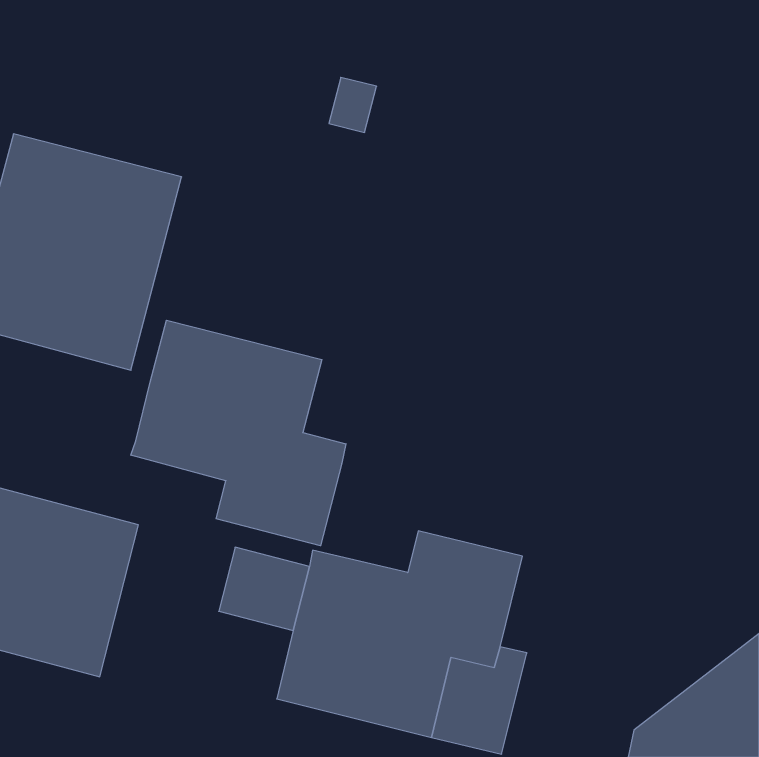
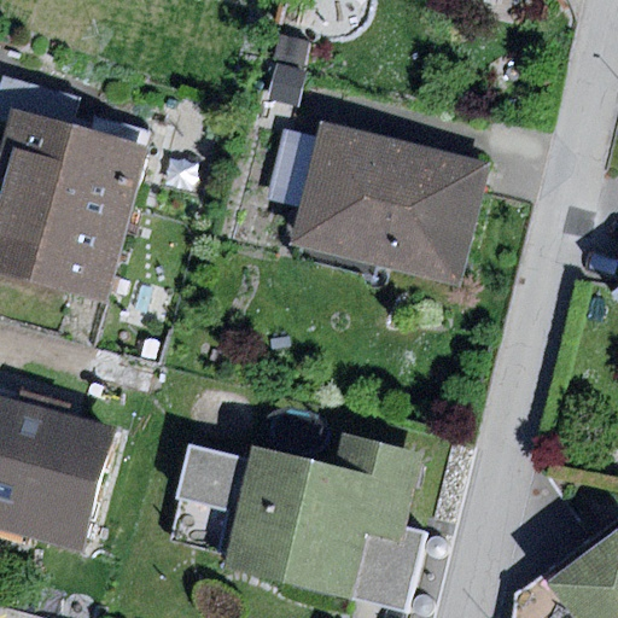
building: none -> [292,123,489,284]
building: [131,320,346,546] -> none

